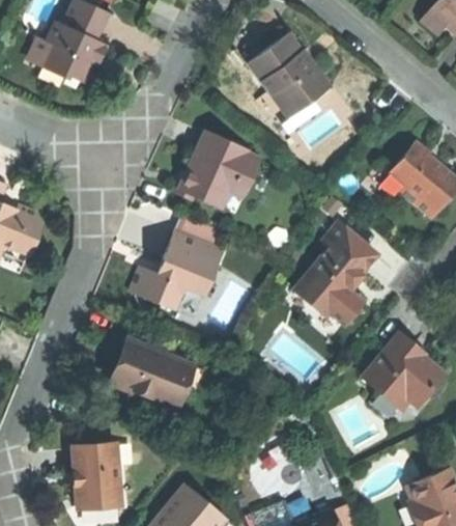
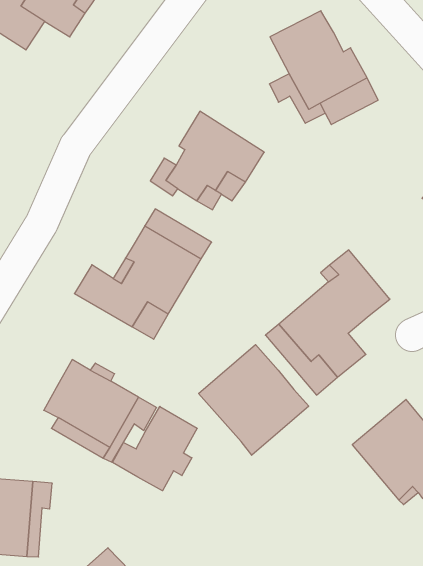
building: none -> [199,345,309,455]
building: none -> [112,406,197,491]

